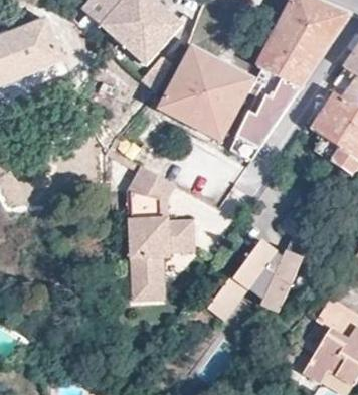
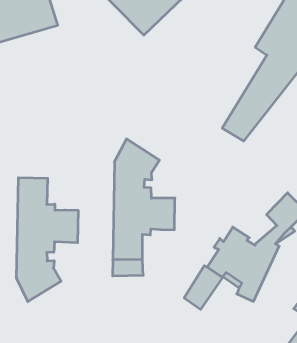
building: [161,47,255,140] -> none
building: none -> [17,178,78,302]

